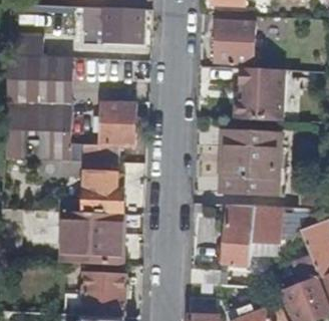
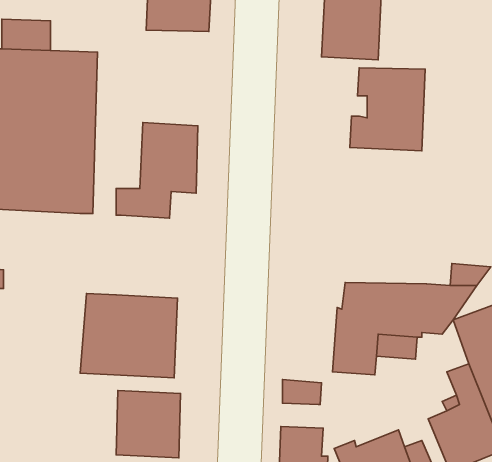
building: [220,131,279,194] -> none
building: [59,162,123,216] -> none

